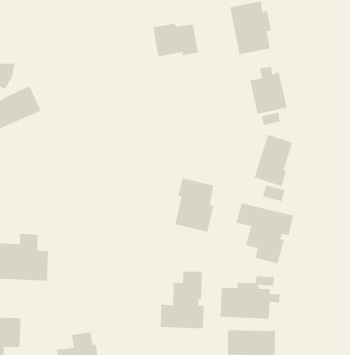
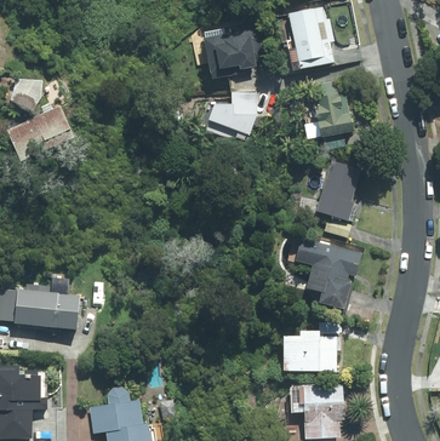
building: none -> [196,91,255,147]
building: [175,178,214,233] -> none
building: [160,271,205,329] -> none

